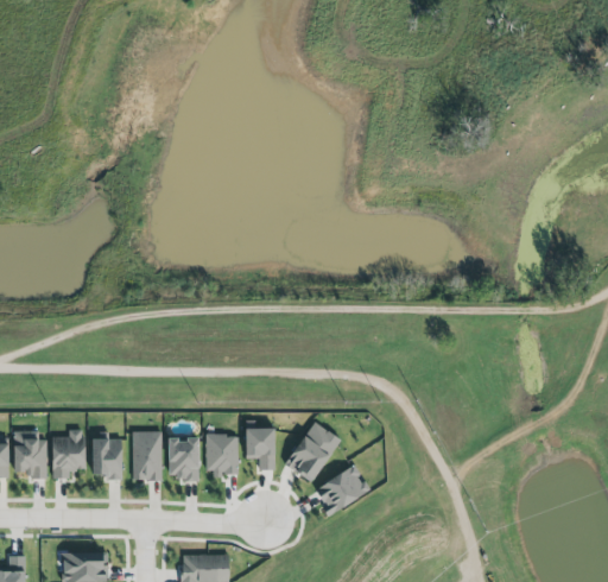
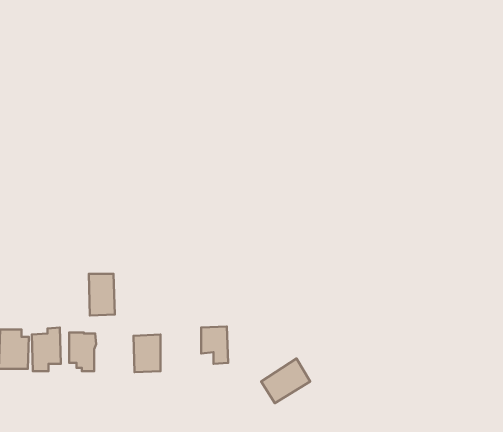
building: [285,423,340,483] -> none
building: [133,431,163,479] -> [89,274,115,315]
building: [207,436,239,476] -> none

